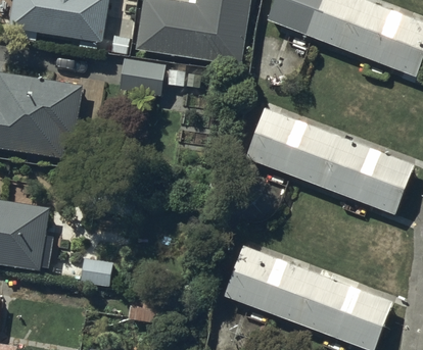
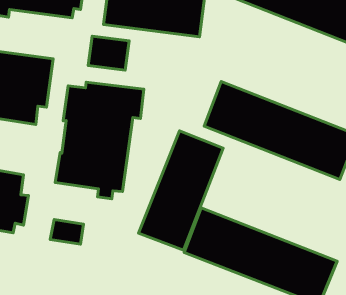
building: none -> [55,82,144,199]
building: none -> [138,131,223,250]

